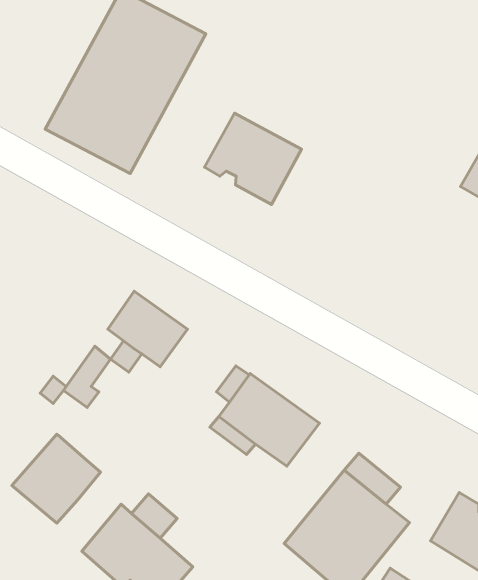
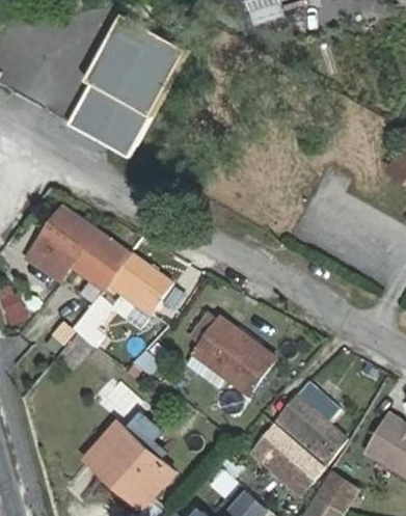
building: [204,113,301,205] -> none
building: none -> [37,207,129,288]
building: [12,434,101,523] -> none

